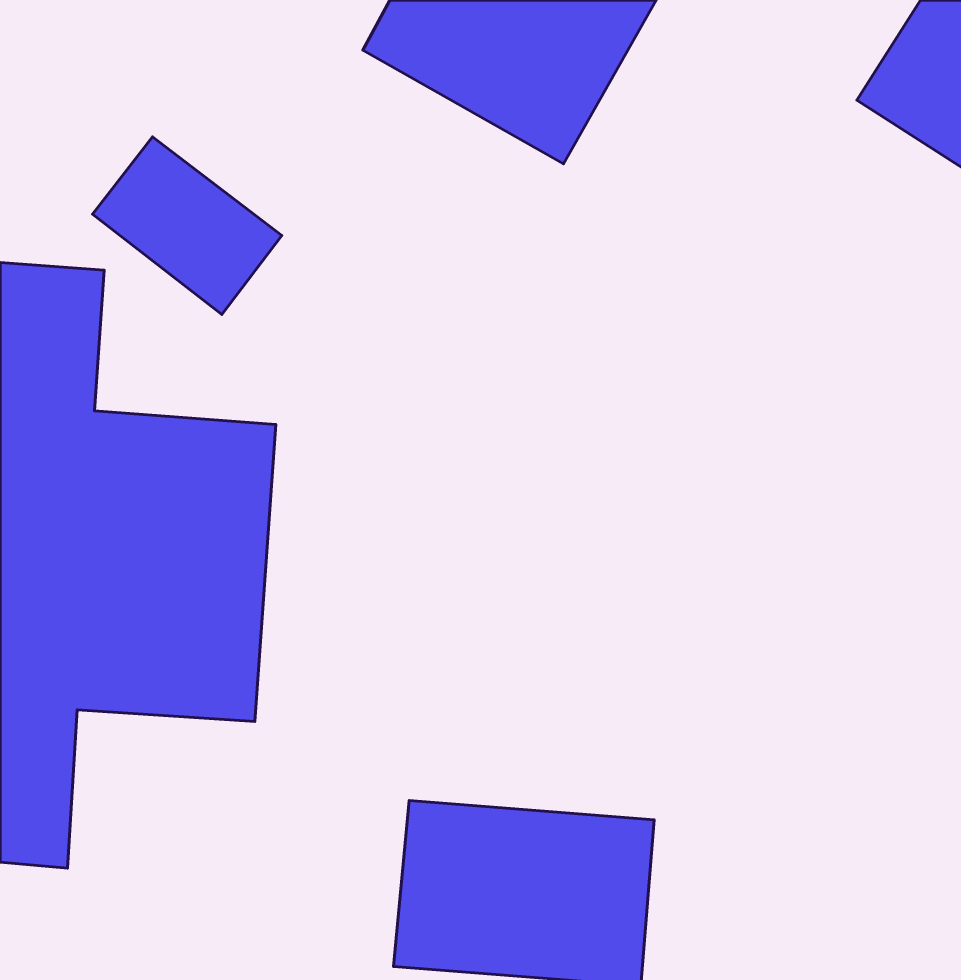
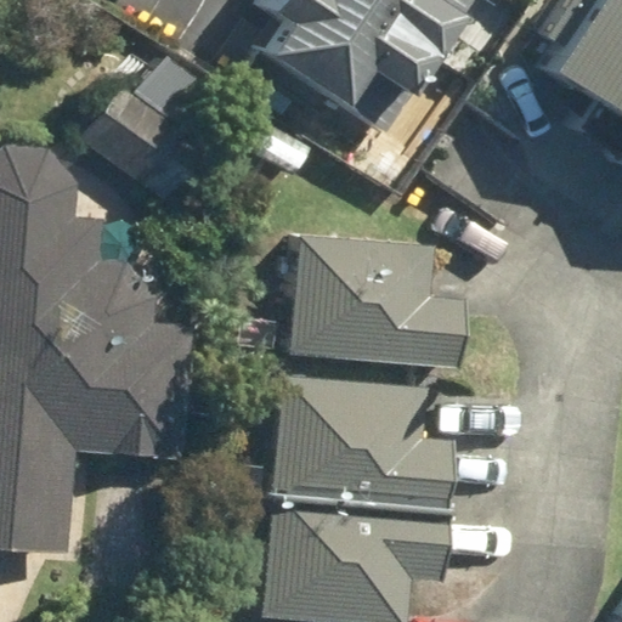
building: none -> [275,233,463,369]
building: none -> [272,380,442,507]

